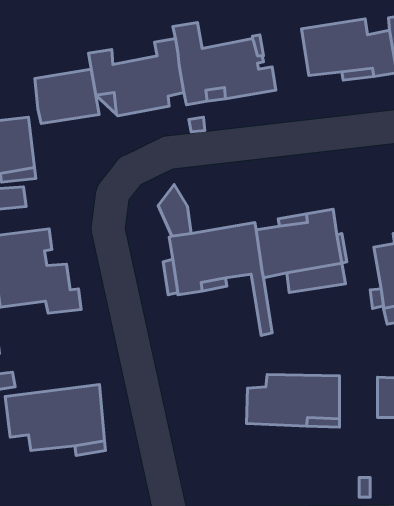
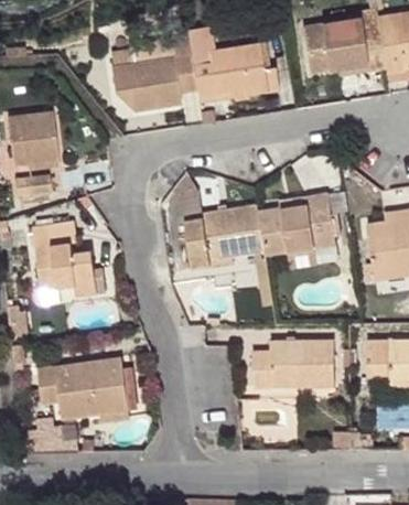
building: [35,69,99,124] -> none

